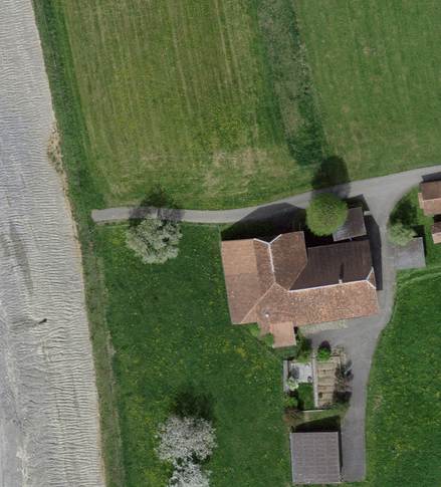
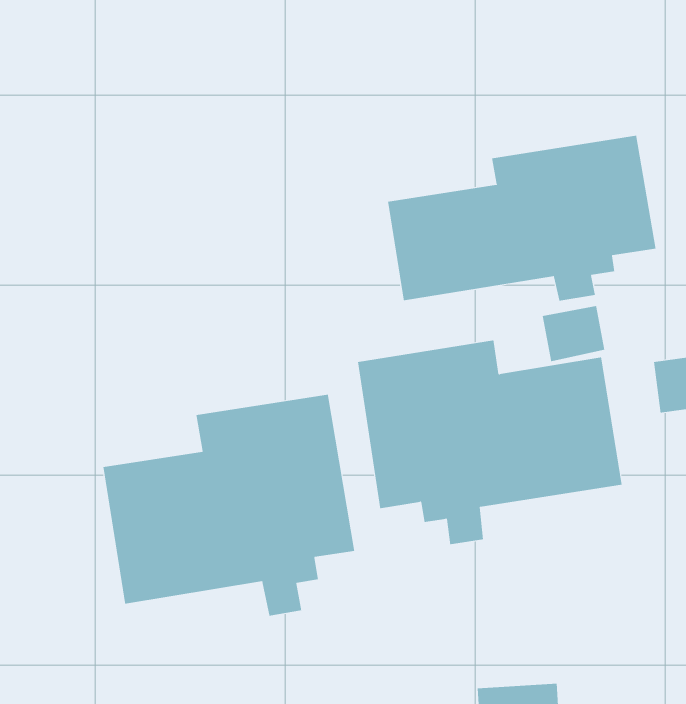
building: none -> [387,135,656,301]
building: none -> [103,394,355,616]

